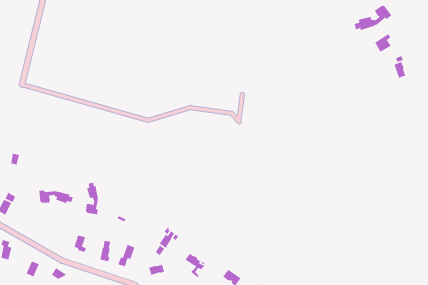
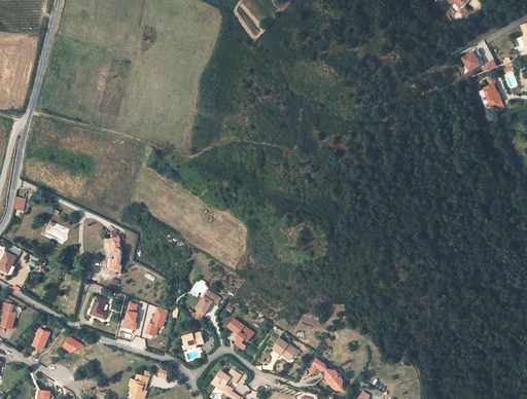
building: [354,5,393,31] -> none
building: [38,190,74,204] -> none

